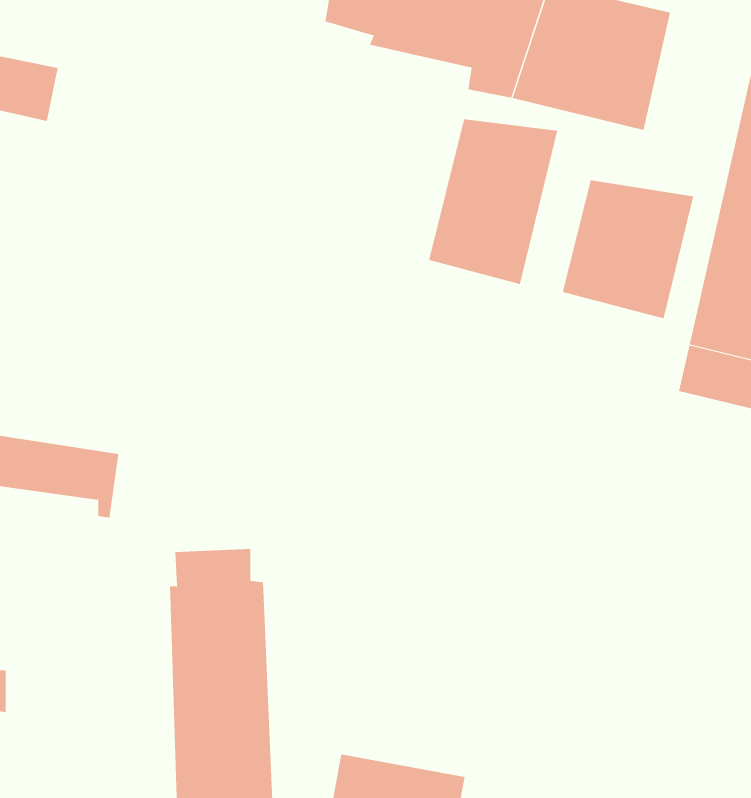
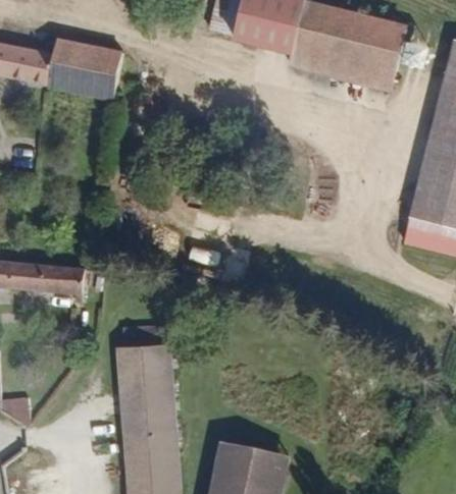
building: none -> [49,39,123,100]
building: [429,119,558,285] -> none
building: [562,180,694,319] -> none

